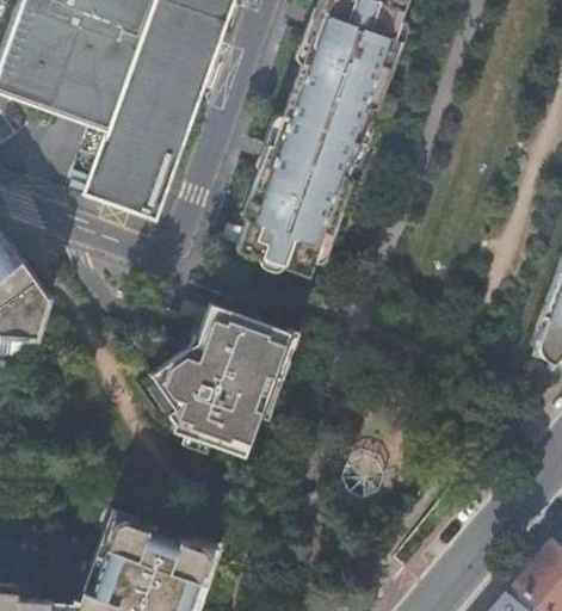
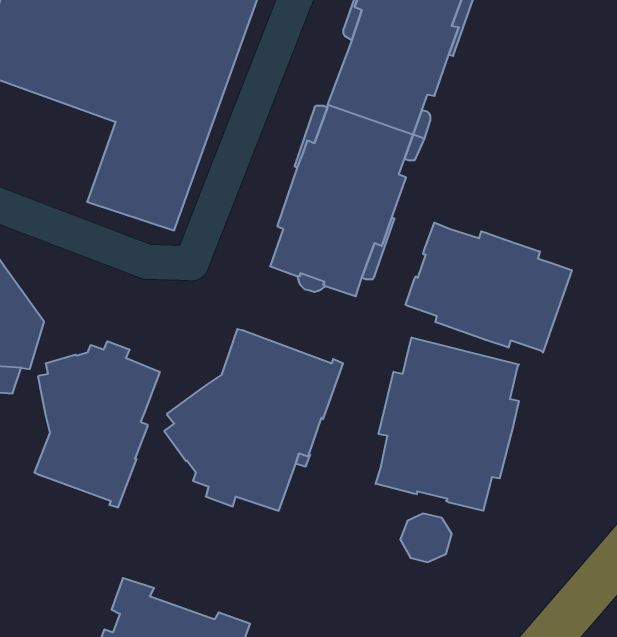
building: none -> [406,223,572,353]
building: none -> [376,337,519,511]
building: none -> [34,341,160,508]

